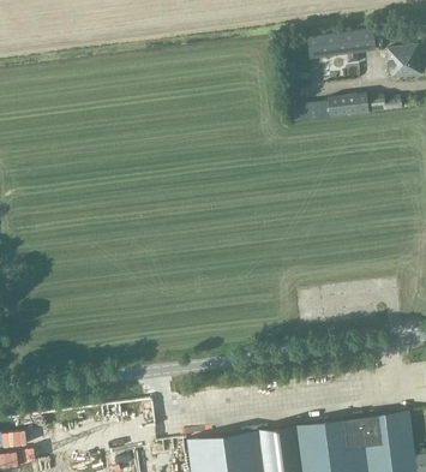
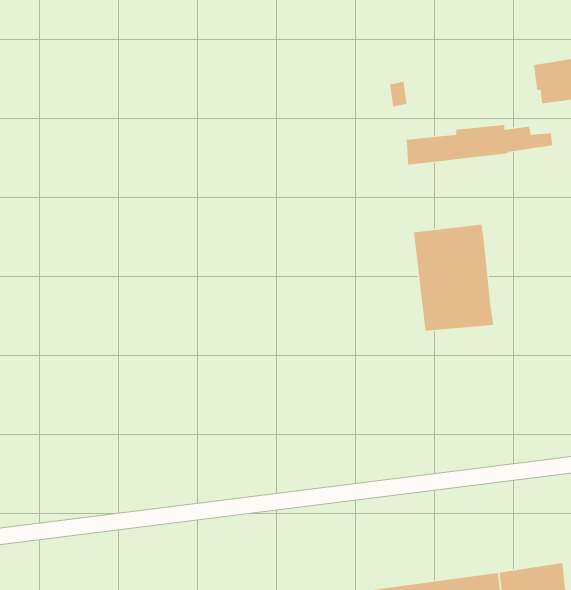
building: [308,30,377,60] -> none
building: none -> [413,224,494,332]

